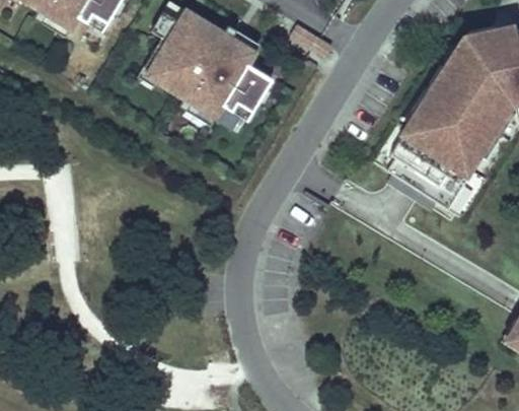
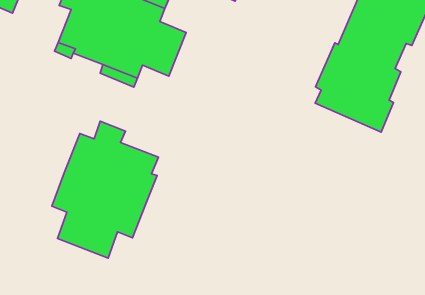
building: none -> [52,121,159,258]

